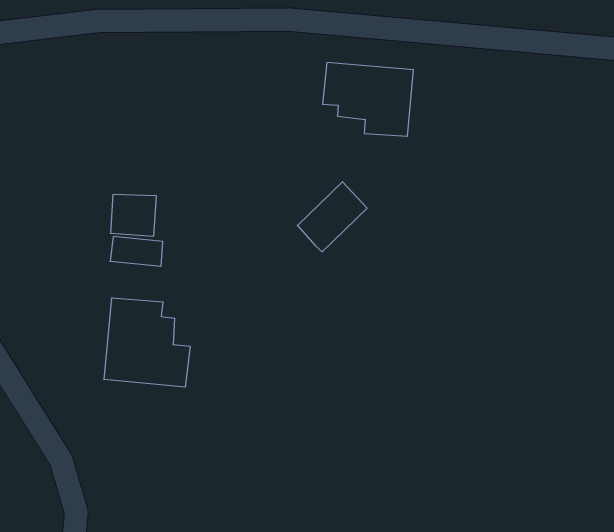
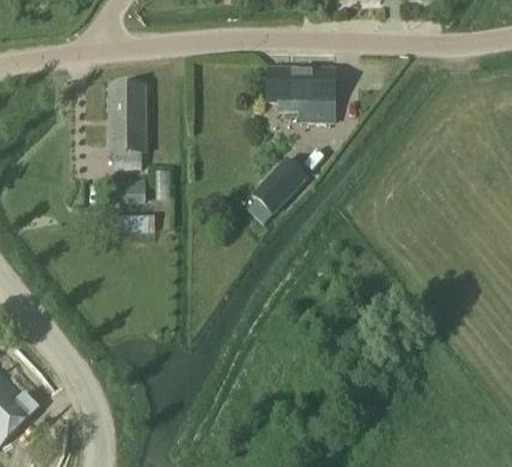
building: none -> [110,82,144,164]
building: [104,298,190,387] -> none

